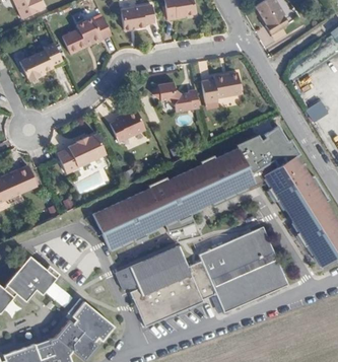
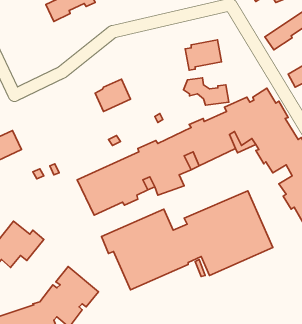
building: [19,44,62,82] -> none
building: [153,84,199,112] -> [183,78,229,105]
building: [57,135,106,173] -> none

